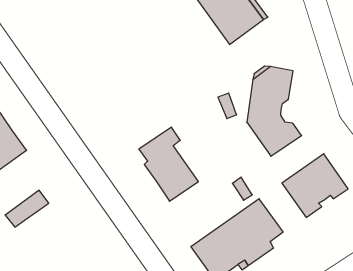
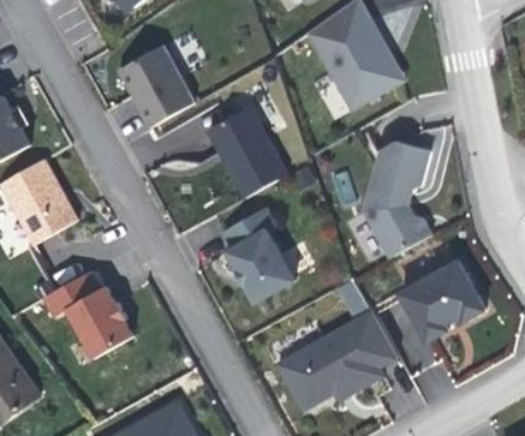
building: none -> [117,44,195,127]
building: none -> [205,104,287,197]
building: none -> [65,286,132,357]

